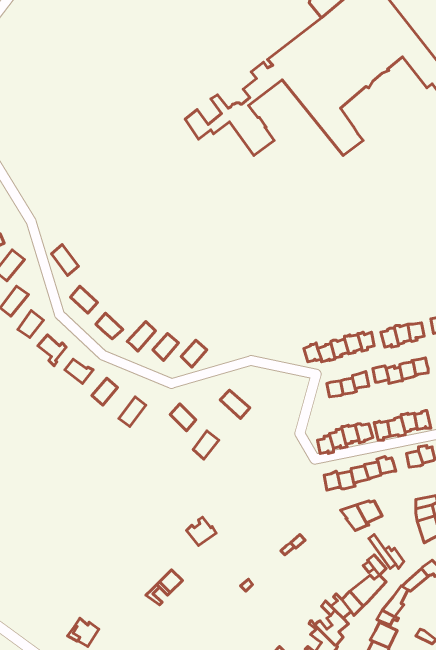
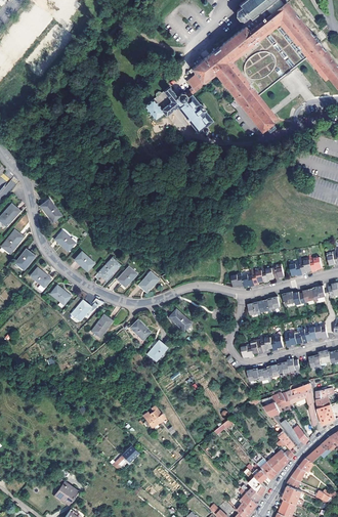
building: none -> [285,383,316,426]

